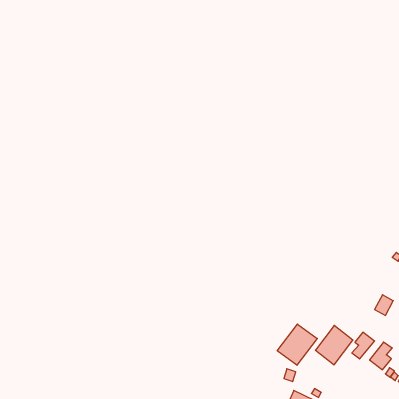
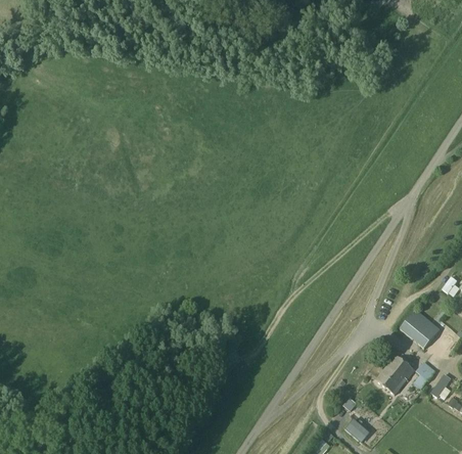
building: none -> [399,310,438,349]
building: [277,324,317,365] -> none

